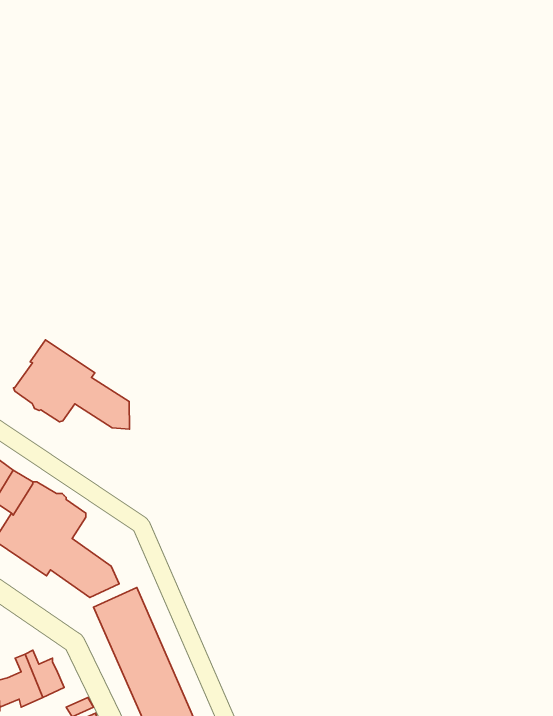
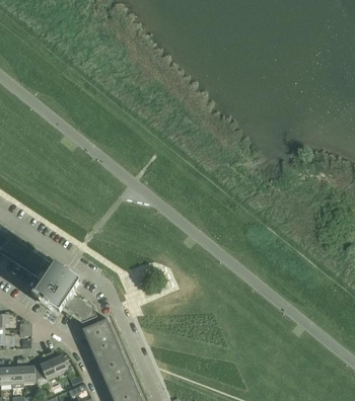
building: [13,340,130,429] -> none

